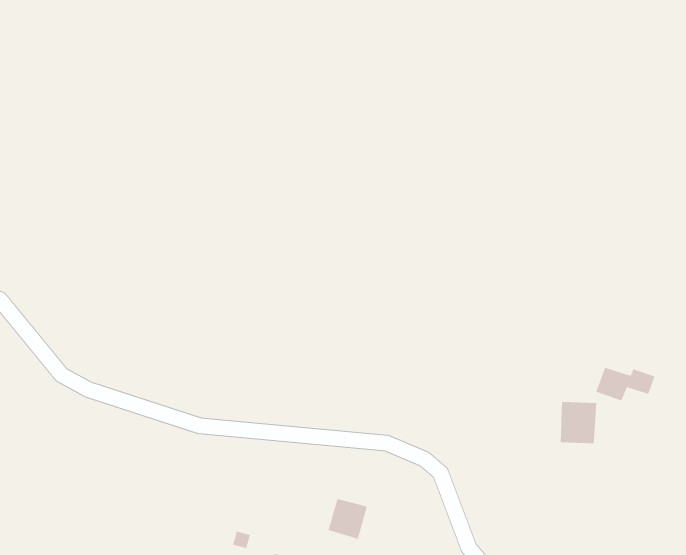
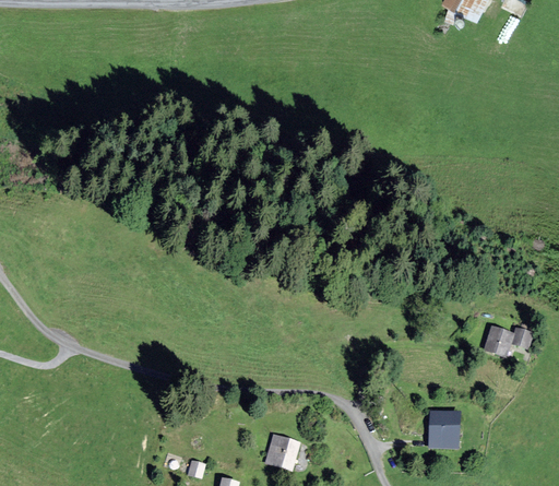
building: [560,401,597,444] -> [429,412,460,447]

